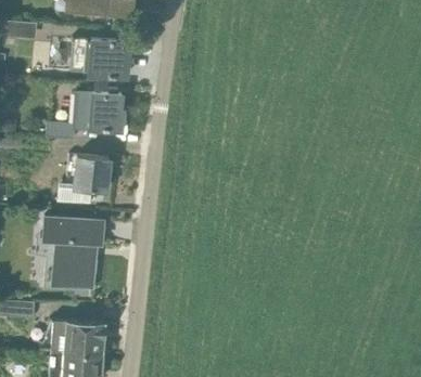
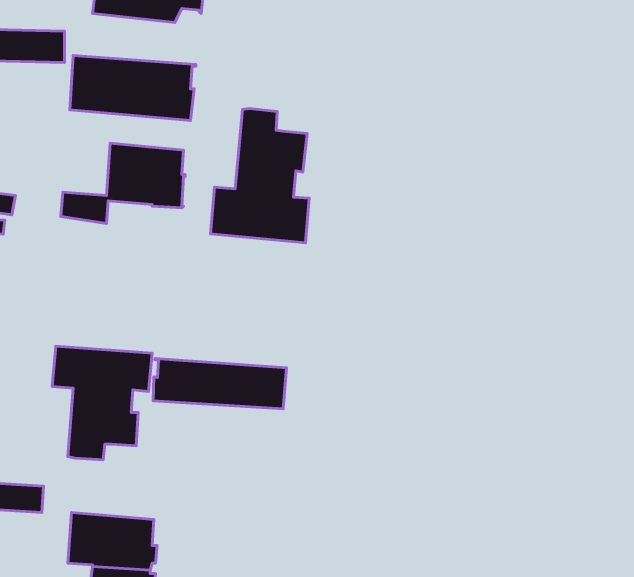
building: none -> [210,109,309,243]
building: [77,157,111,192] -> none
building: none -> [153,358,287,409]

